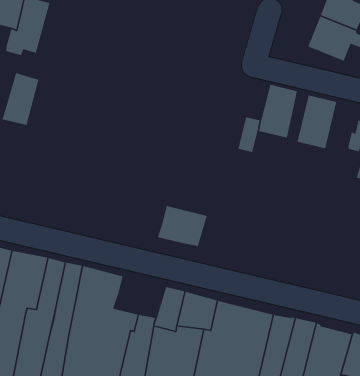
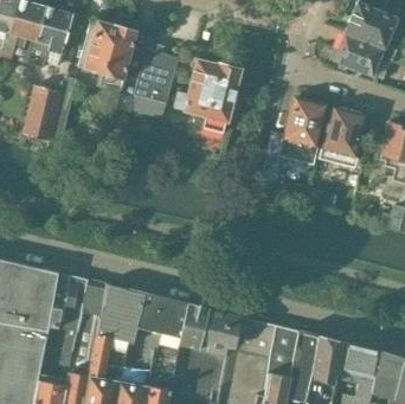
building: none -> [77,20,180,114]
building: none -> [174,59,242,133]
building: [157,205,208,247] -> [139,294,191,336]

